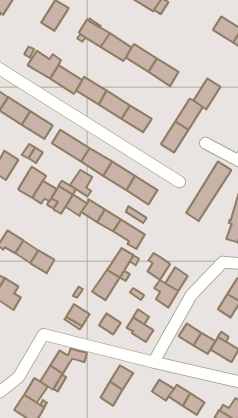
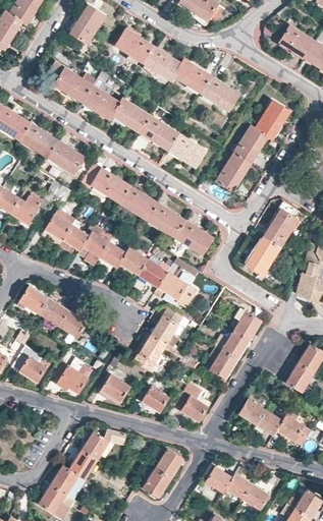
building: [70,170,92,197] -> none
building: [147,253,170,280] -> [233,308,261,341]
building: none -> [59,357,93,394]

